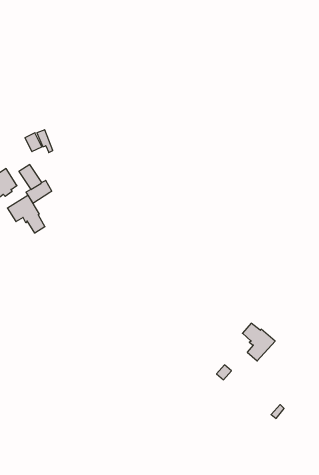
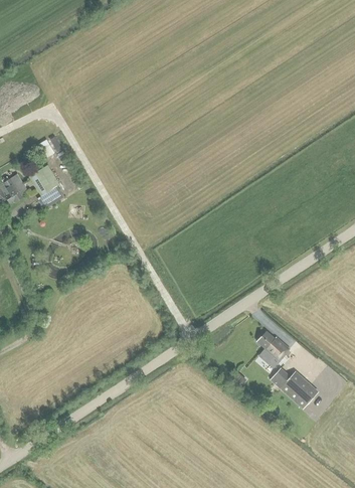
building: [7,195,45,233] -> none
building: none -> [270,366,316,408]

